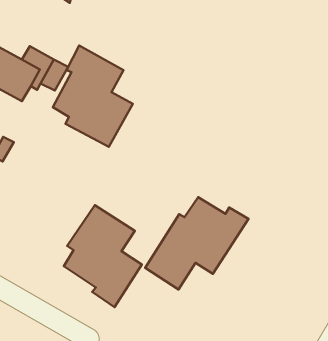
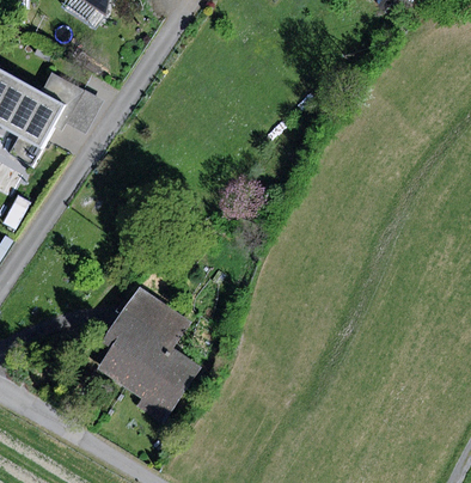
building: [53,46,133,147] -> none
building: [145,197,248,289] -> none

